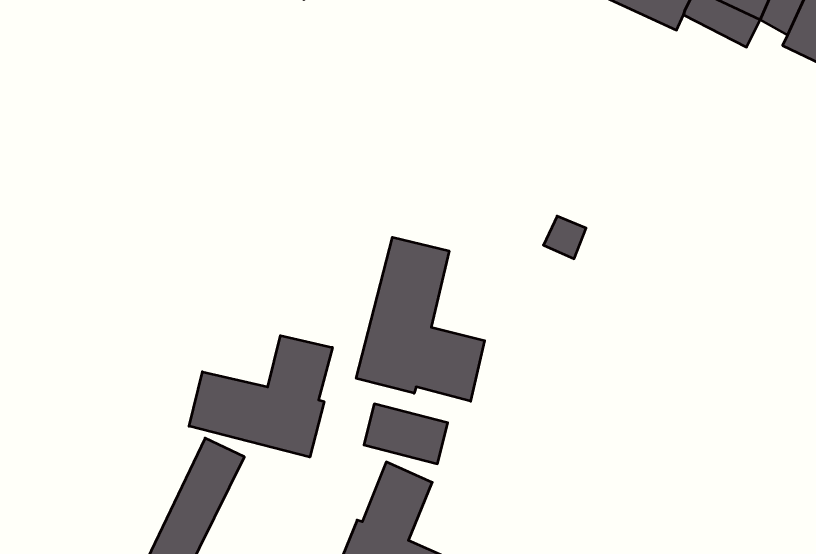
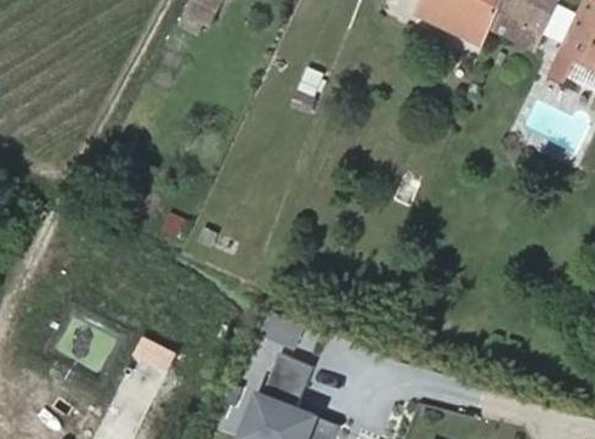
building: [356,237,485,401] -> none
building: [189,336,332,457] -> none

